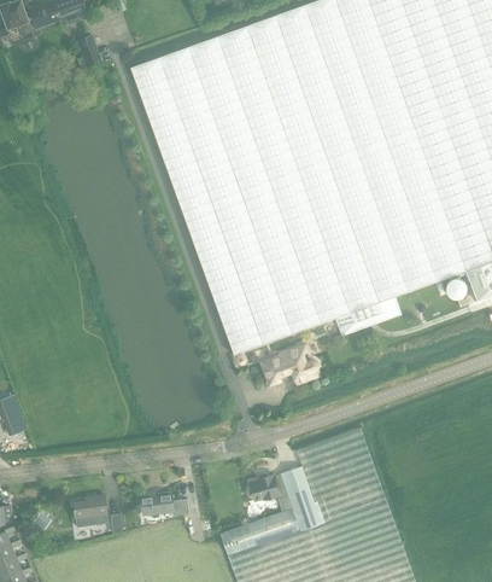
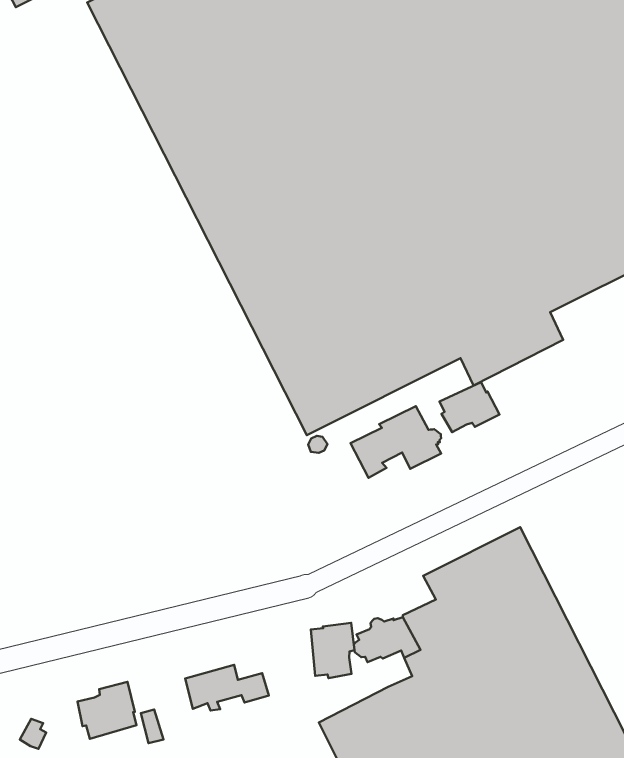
building: none -> [440,382,499,432]
building: none -> [311,623,355,678]

